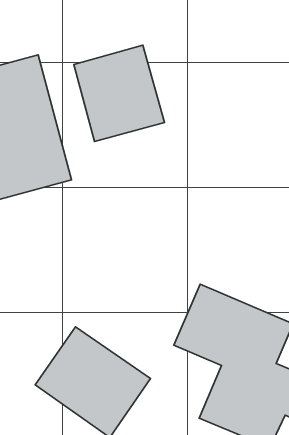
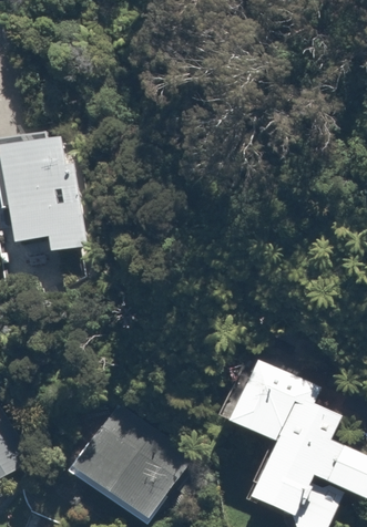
building: [74,45,164,141] -> none

